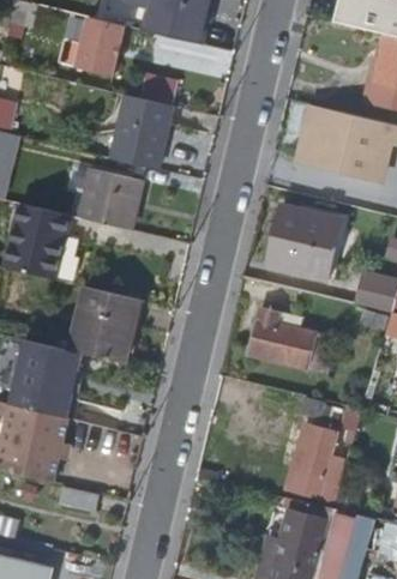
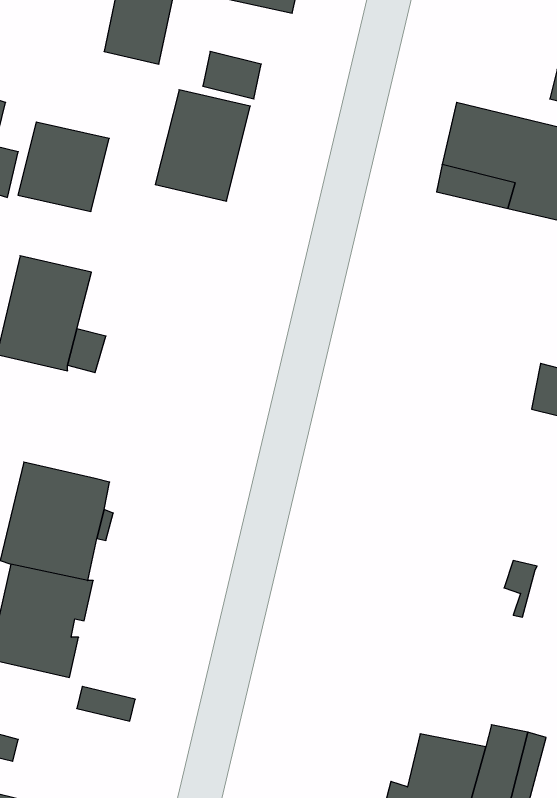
building: [78,168,138,227] -> [18,122,109,211]
building: [265,204,337,278] -> none
building: [70,287,138,361] -> none
building: [247,309,339,378] -> none
building: [291,423,345,494] -> none

